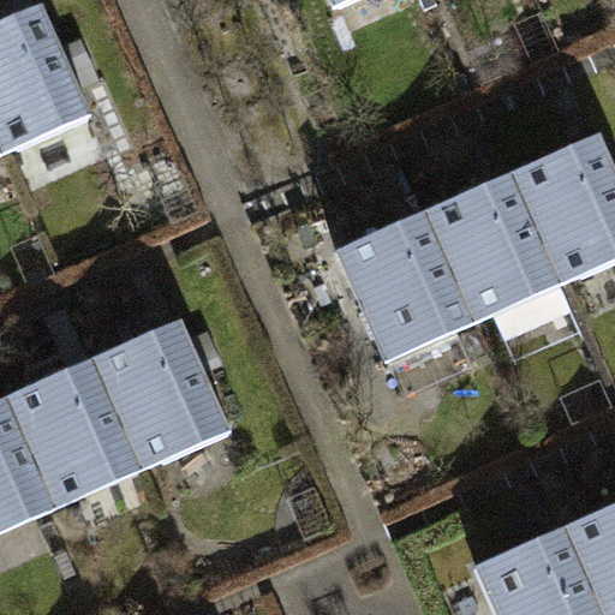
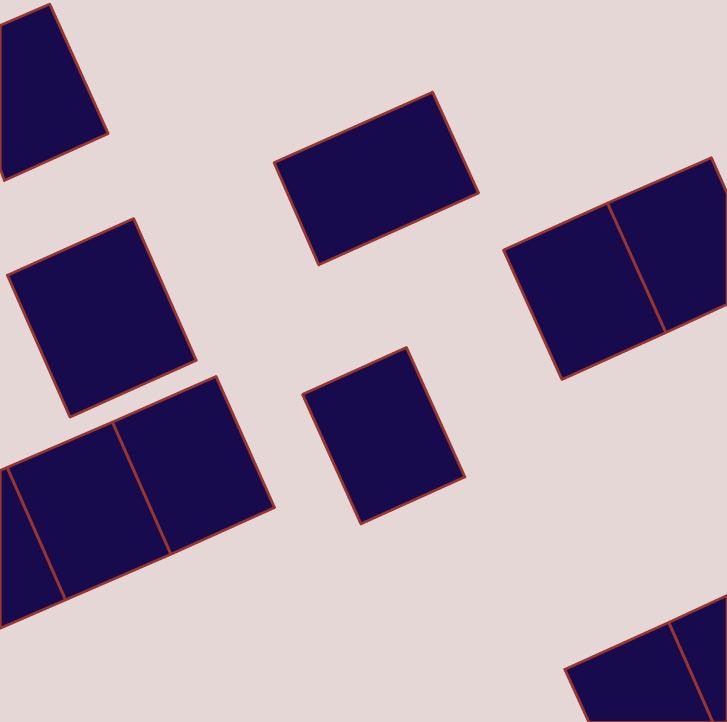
building: none -> [274,92,478,265]
building: none -> [7,219,196,417]
building: [338,211,474,360] -> [303,348,465,524]

